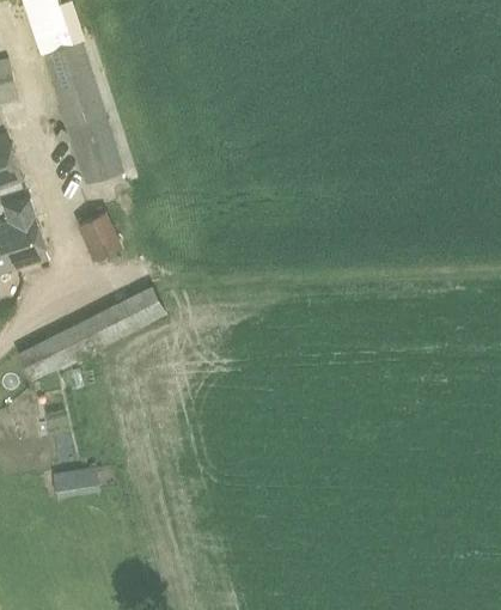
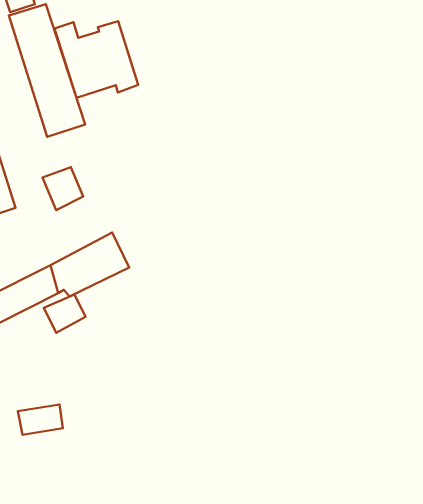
building: none -> [54,21,138,98]
building: none -> [44,294,85,333]

